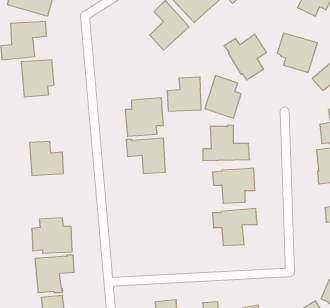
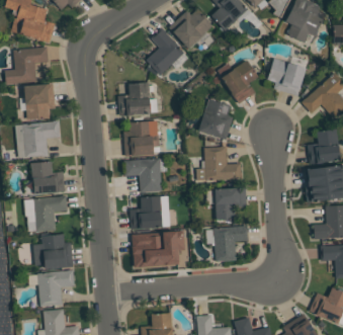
building: [167,77,201,111] -> [118,83,151,115]
building: none -> [15,121,61,158]
building: none -> [32,195,68,232]
building: none -> [131,196,170,229]
building: none -> [133,231,185,268]

